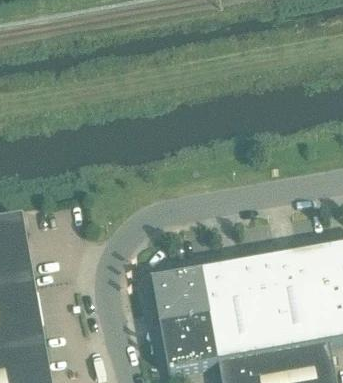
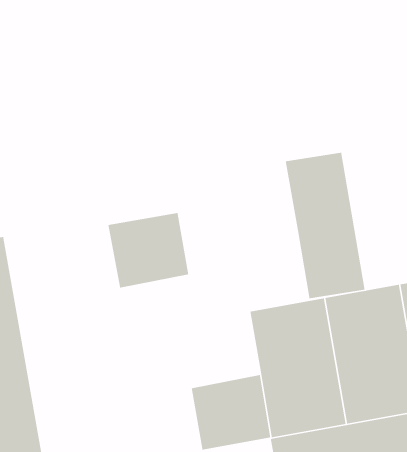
building: none -> [285,152,366,299]
building: [151,266,211,322] -> [107,212,189,289]

